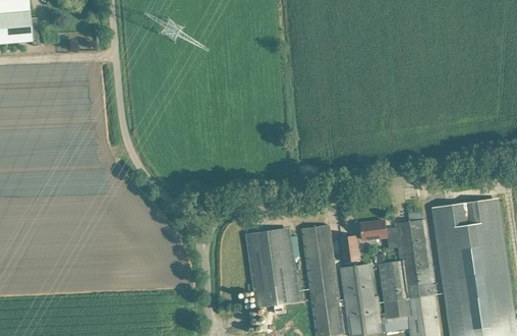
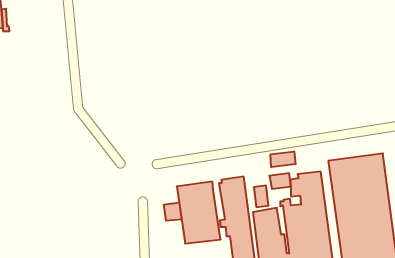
building: none -> [271,151,296,167]
building: none -> [164,202,182,221]

